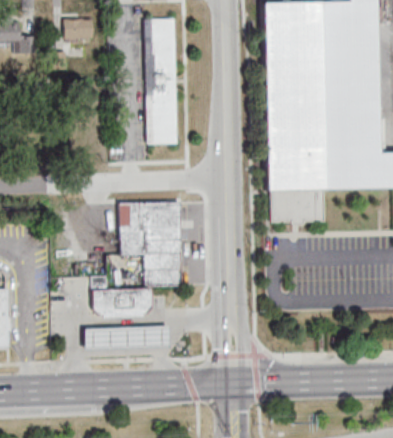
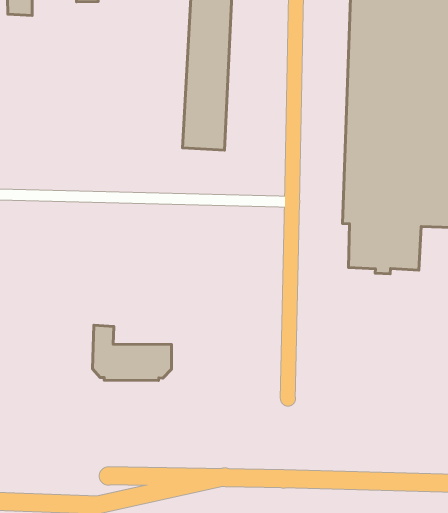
building: [121,201,183,284] -> none
building: [82,325,168,348] -> none

